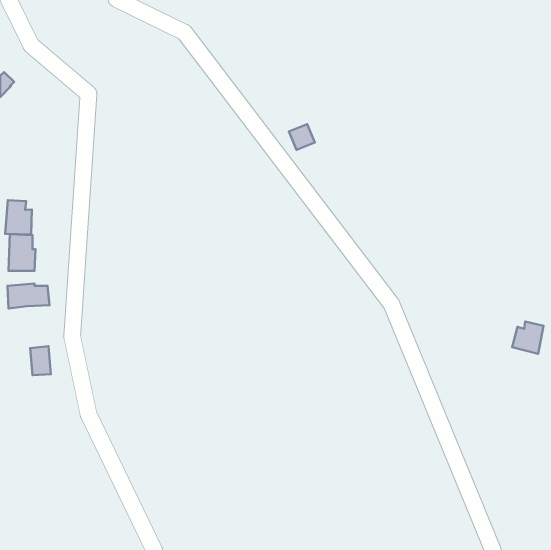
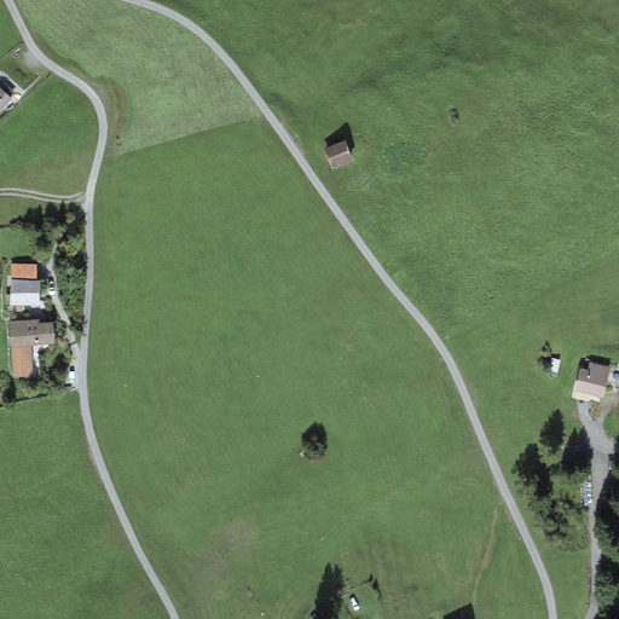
building: [5,200,32,235] -> none
building: [30,346,51,375] -> [10,343,33,376]

